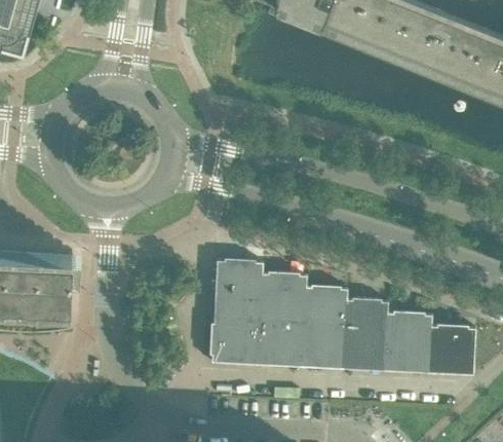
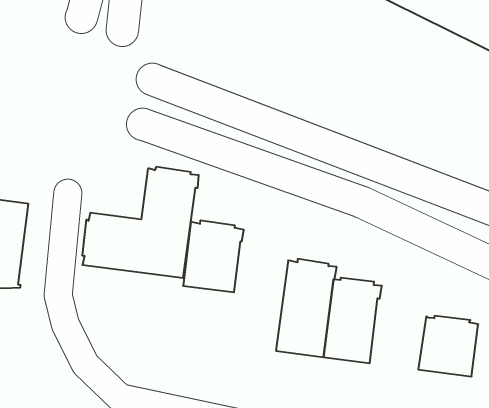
building: [209,272,306,368] -> [82,167,199,278]
building: [383,312,431,374] -> none

